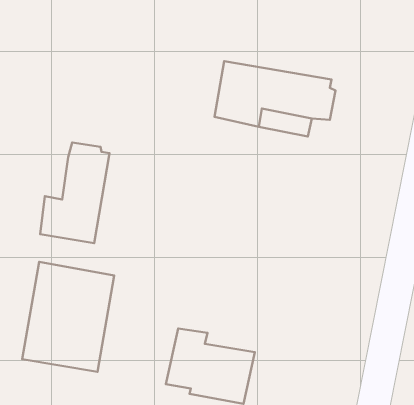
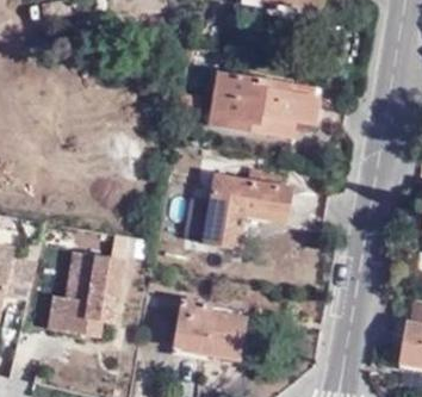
building: [40,142,110,243] -> none
building: none -> [201,169,297,252]

